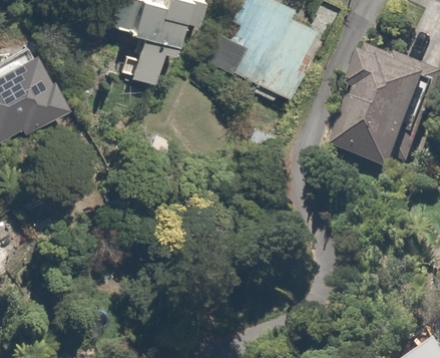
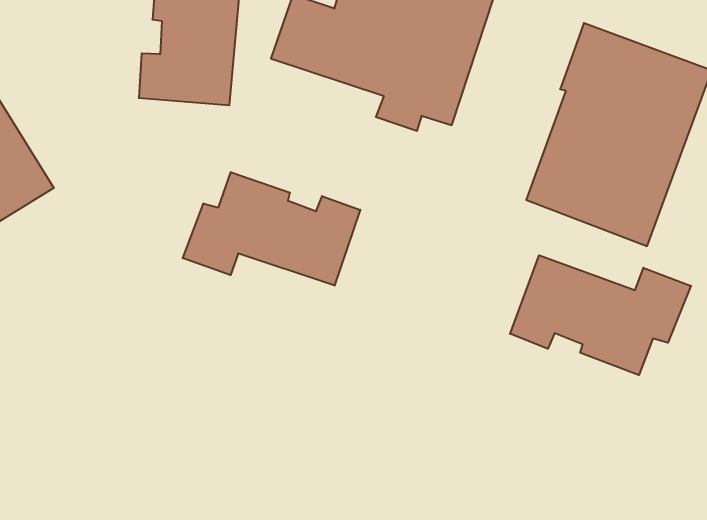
building: none -> [183,172,360,286]
building: none -> [510,255,691,375]

